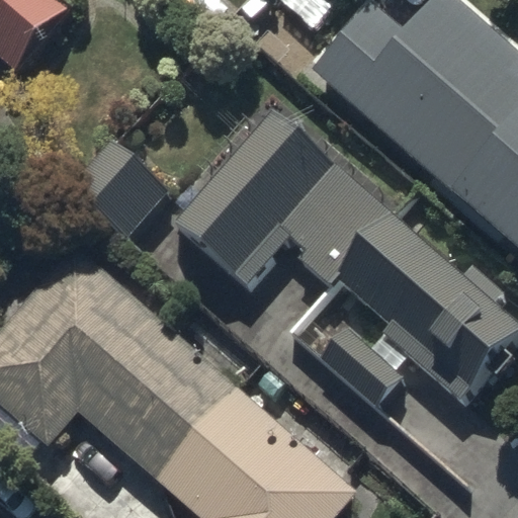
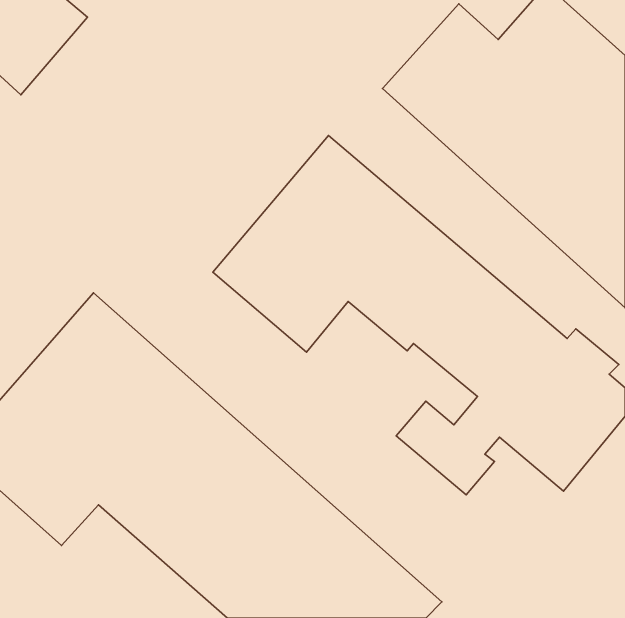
building: [66,137,176,244] -> none

